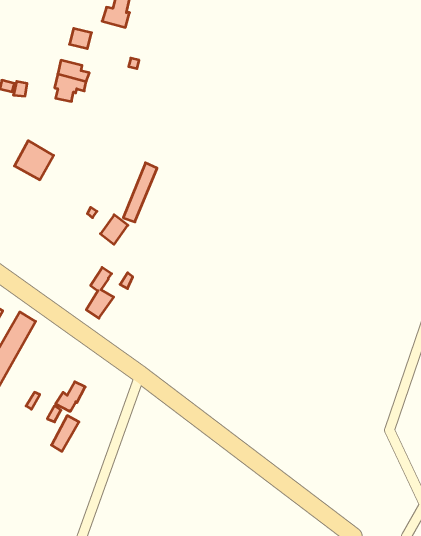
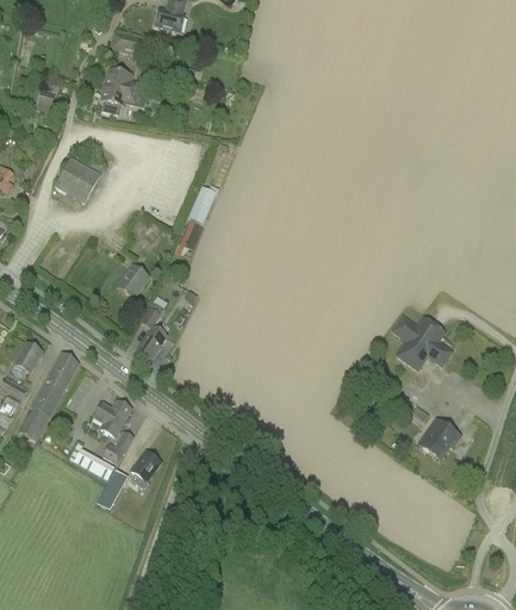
building: [100,215,128,244] -> [117,263,148,297]
building: none -> [391,316,452,369]
building: none -> [93,399,131,436]
building: none -> [419,417,460,459]
building: none -> [130,449,161,481]

